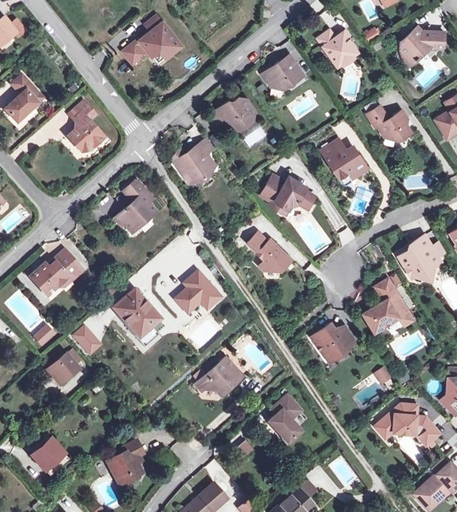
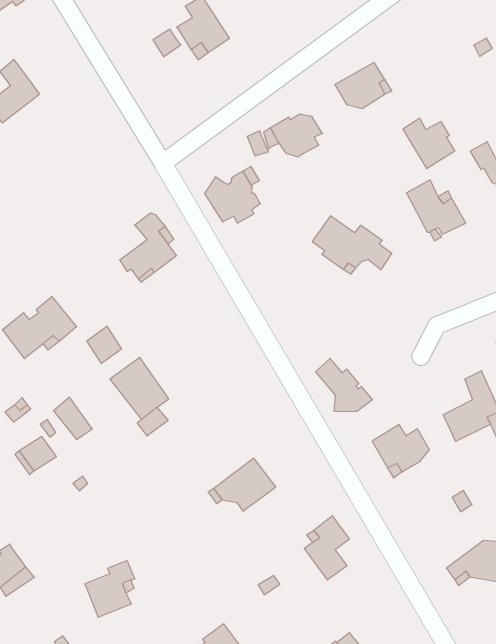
building: [318,30,358,67] -> [403,118,455,169]
building: [67,102,104,152] -> none
building: [247,233,291,272] -> [316,358,372,412]
building: none -> [87,326,122,364]
building: [177,272,222,313] -> none

